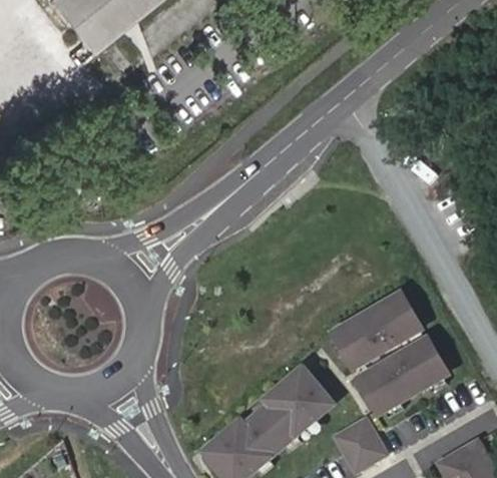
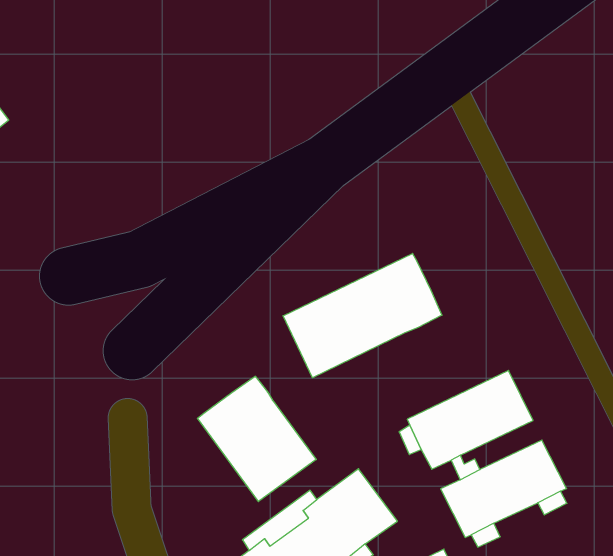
building: none -> [283,253,442,378]
building: none -> [197,376,316,502]

